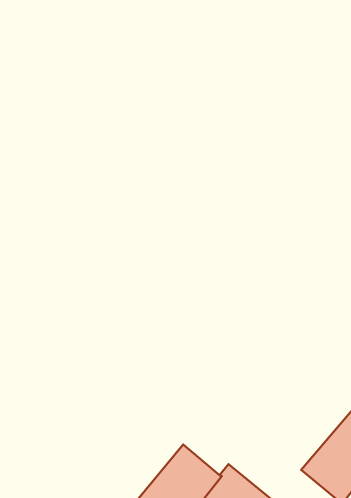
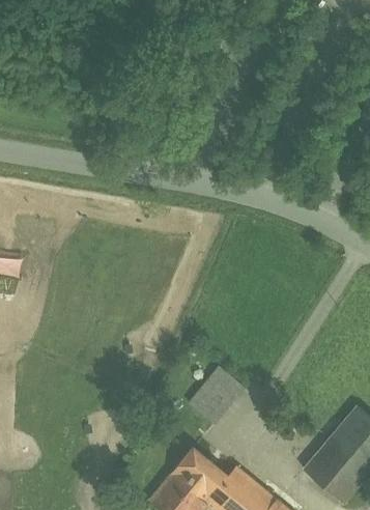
building: none -> [189,367,244,424]

